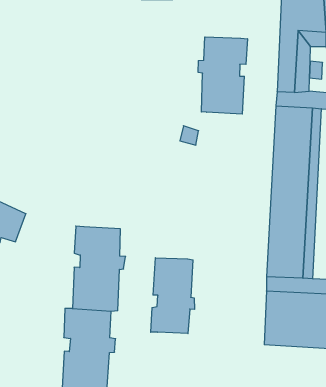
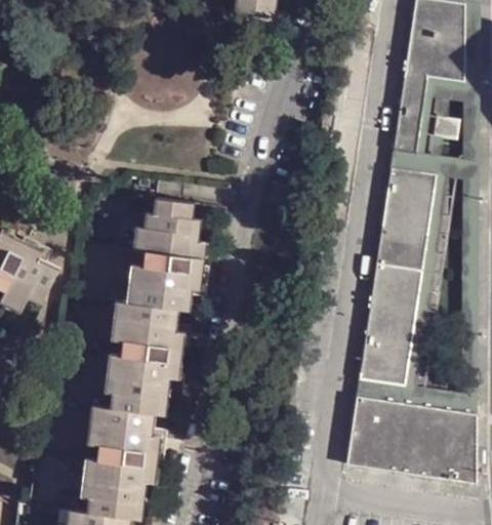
building: [198,37,247,114] -> none
building: none -> [135,190,208,304]
building: [151,258,195,334] -> none

